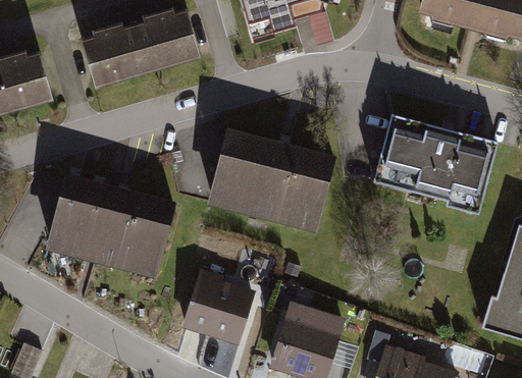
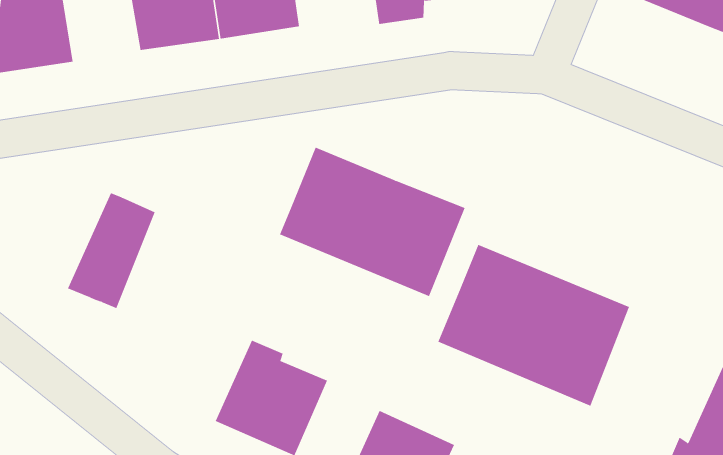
building: [371,115,495,213] -> [437,244,630,406]
building: [41,174,93,251] -> none
building: [107,193,165,272] -> none

